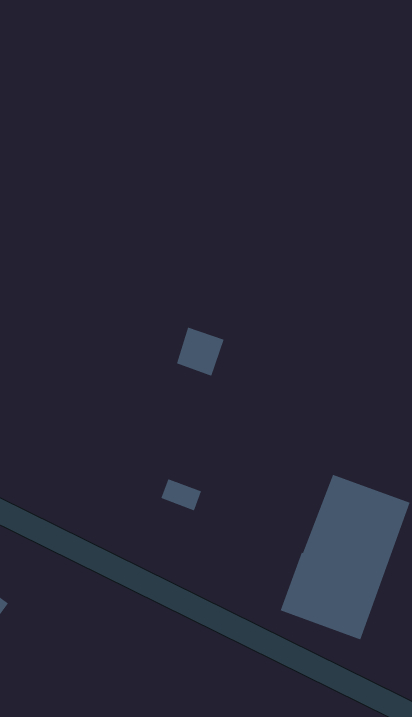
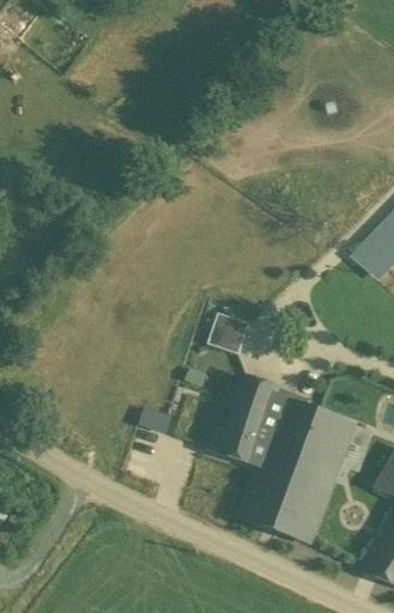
building: [176,327,225,376] -> [207,311,248,353]
building: none -> [222,376,285,466]

